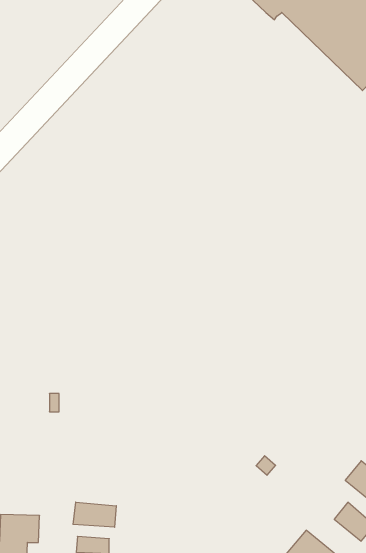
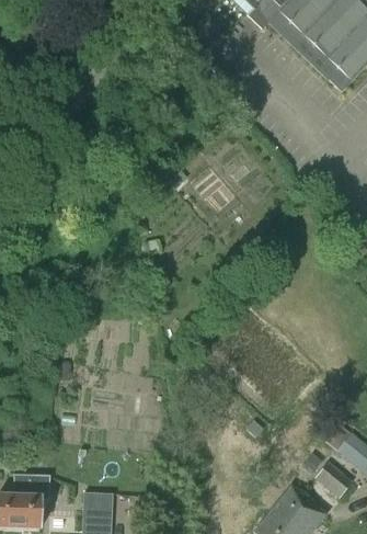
building: [73,502,116,527] -> none

